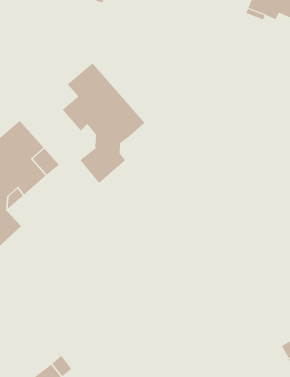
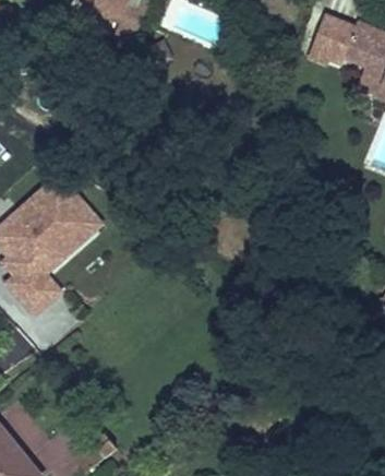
building: [62,63,145,184] -> none

